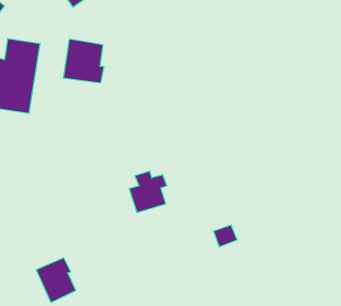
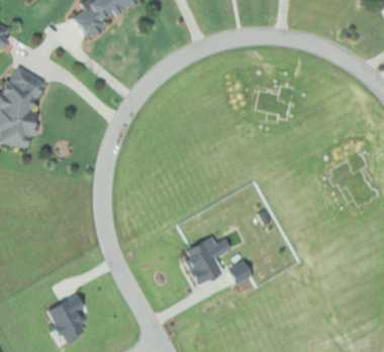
building: [64,39,104,83] -> none
building: [129,171,167,213] -> [184,238,222,280]

